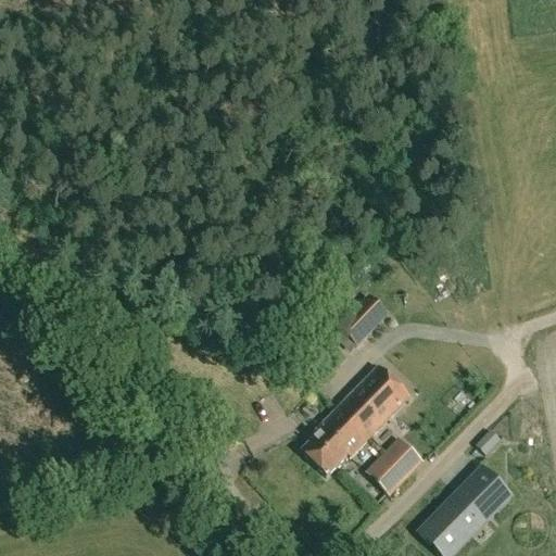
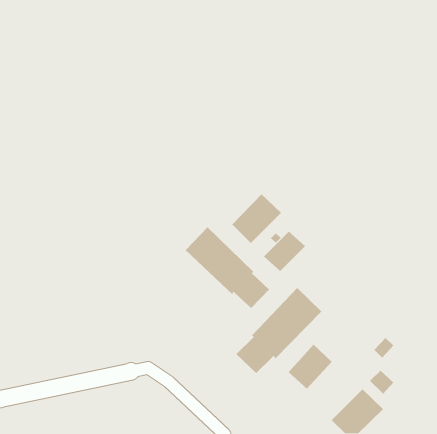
building: none -> [231,194,282,244]
building: none -> [185,226,270,309]

